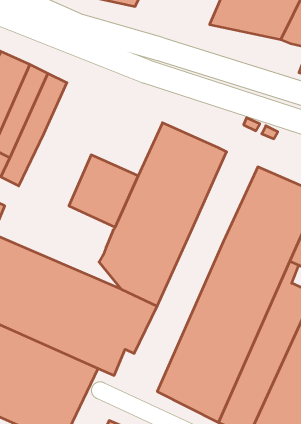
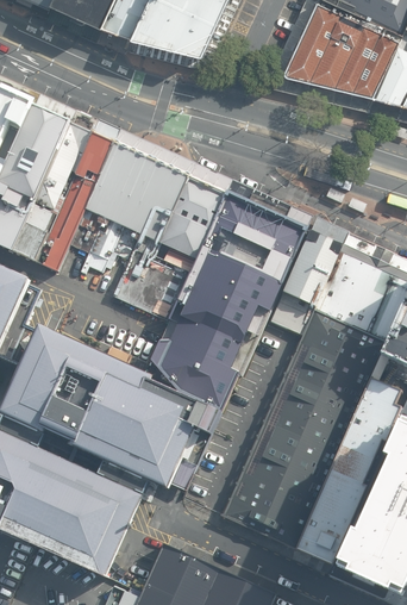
building: none -> [87,145,227,256]
building: none -> [268,230,340,333]

